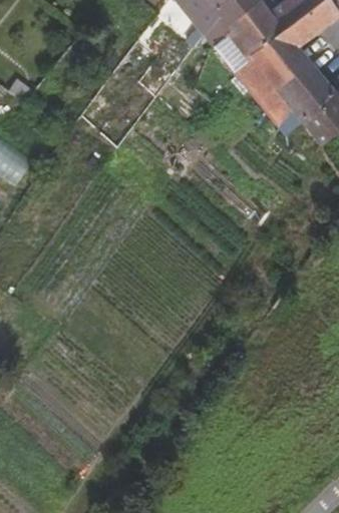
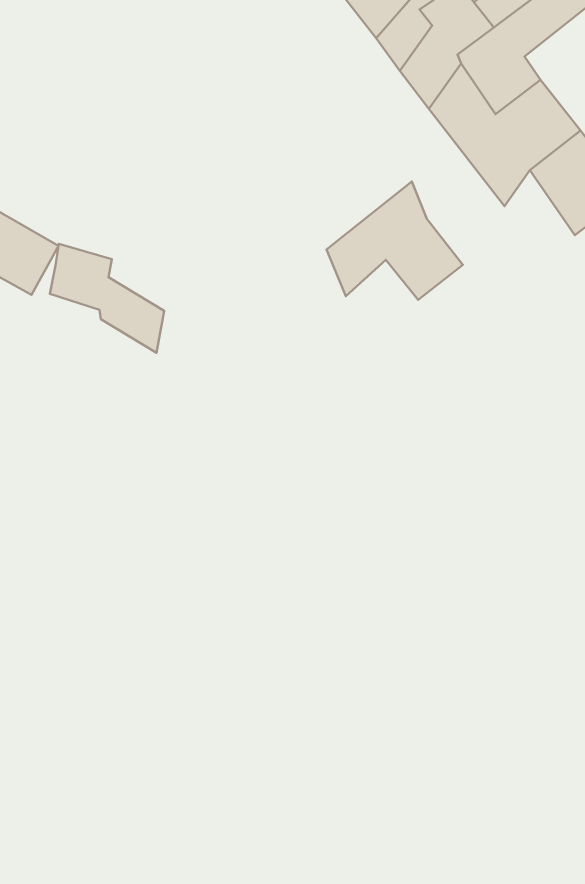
building: none -> [326,182,463,300]
building: none -> [50,244,164,353]

